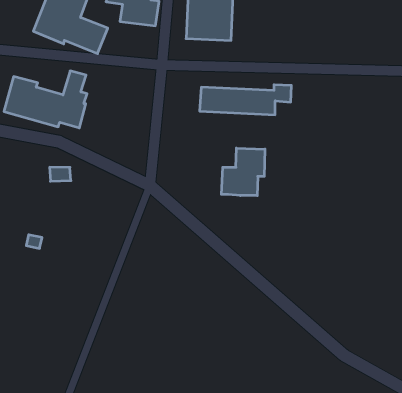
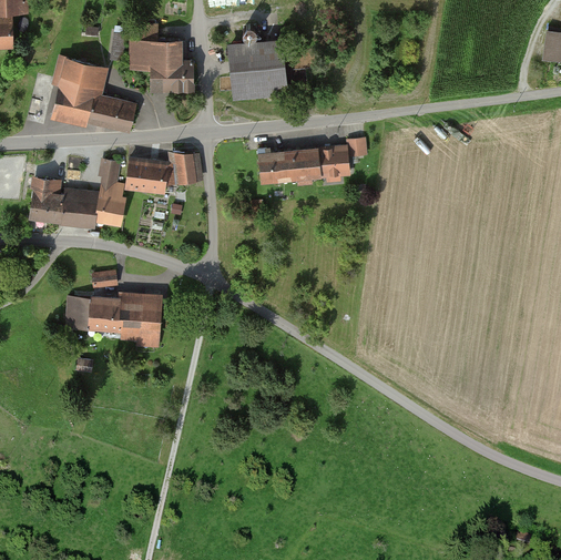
building: none -> [124,152,201,193]
building: [221,148,265,196] -> none
building: none -> [64,295,164,352]

